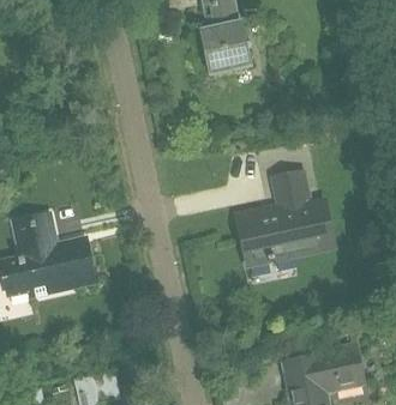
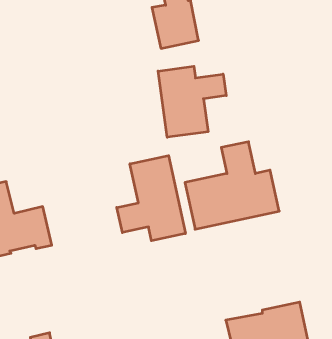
building: none -> [158,66,226,137]
building: none -> [117,156,185,241]

